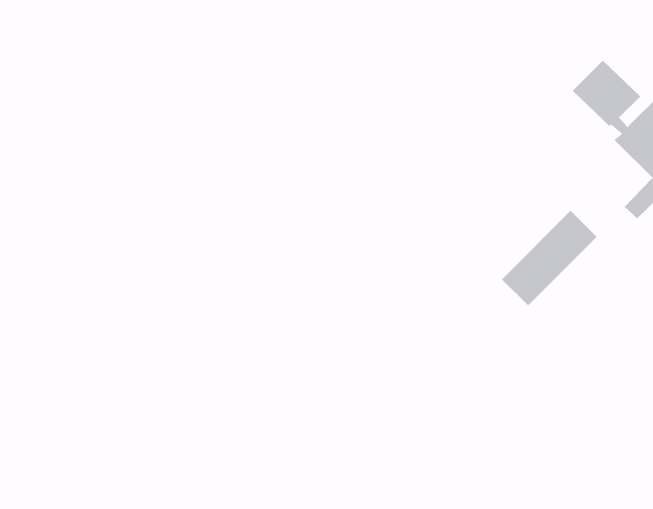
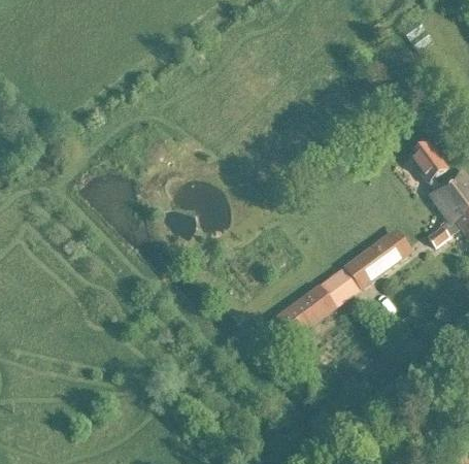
building: none -> [275,277,345,339]

